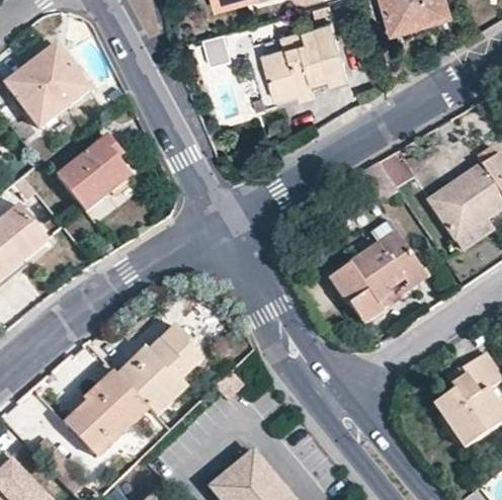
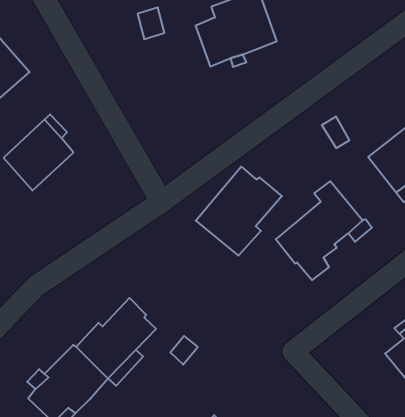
building: none -> [196,167,282,256]

